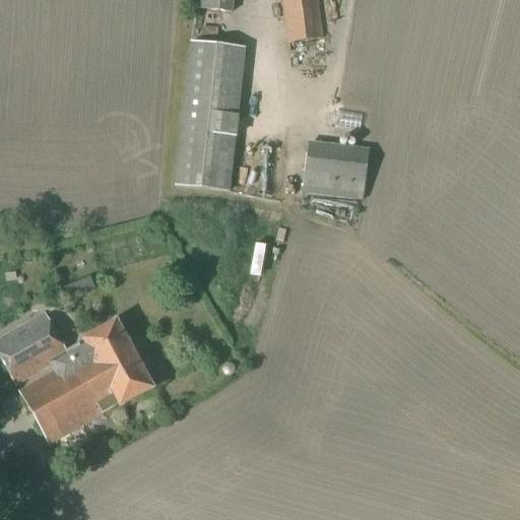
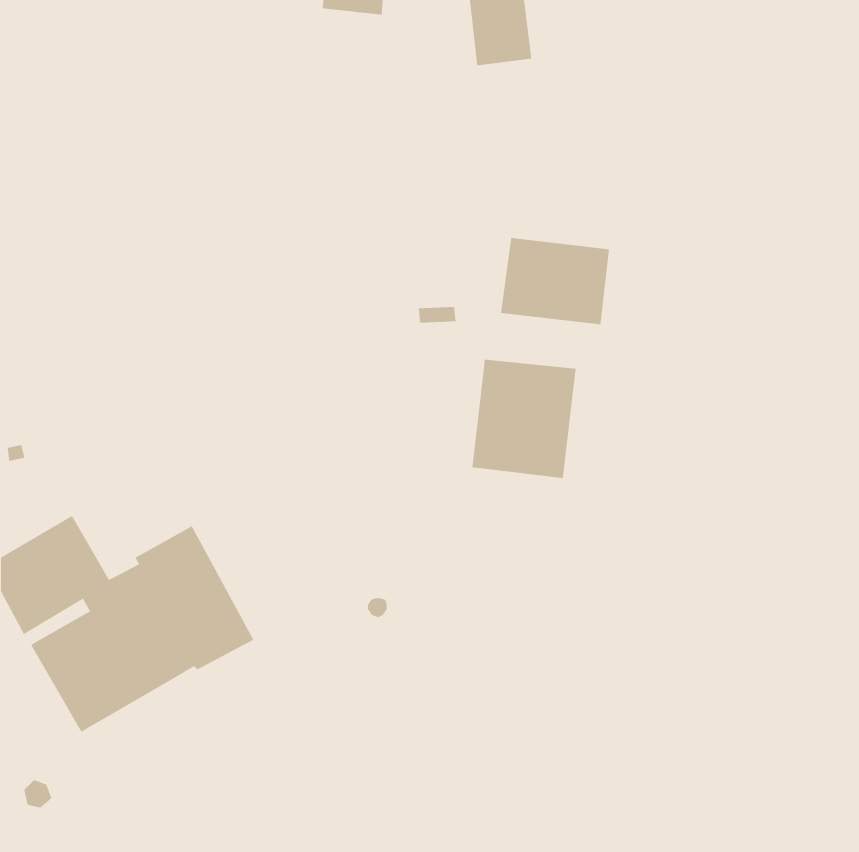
building: [174,39,246,190] -> none
building: none -> [472,359,576,479]

